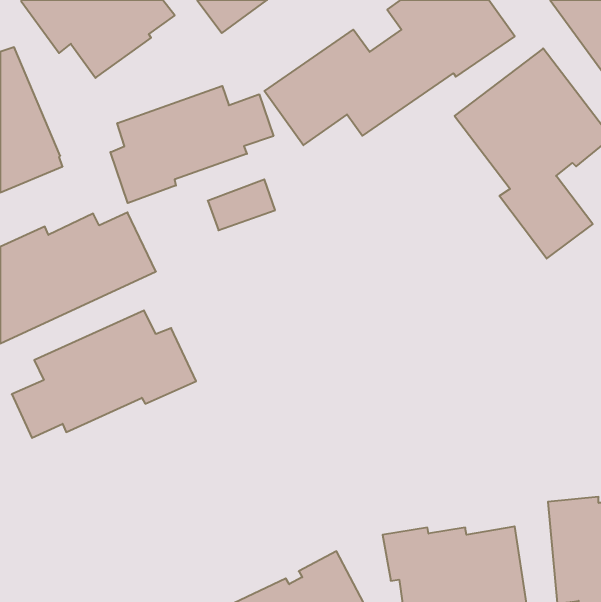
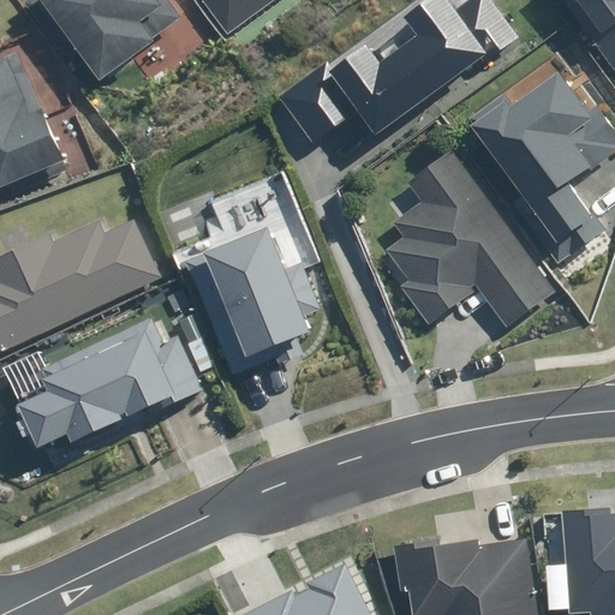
building: [110,86,273,203] -> none
building: none -> [376,148,554,328]
building: none -> [183,226,317,374]

